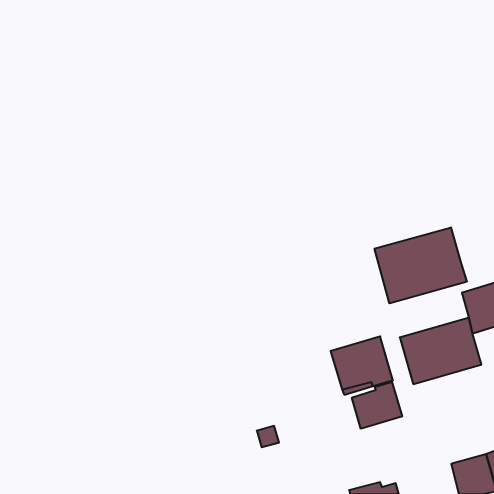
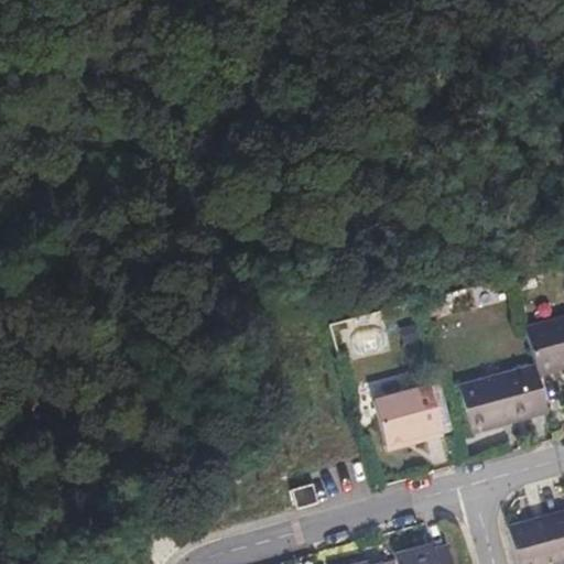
building: [375,227,467,303] -> none
building: [352,382,402,429] -> none

